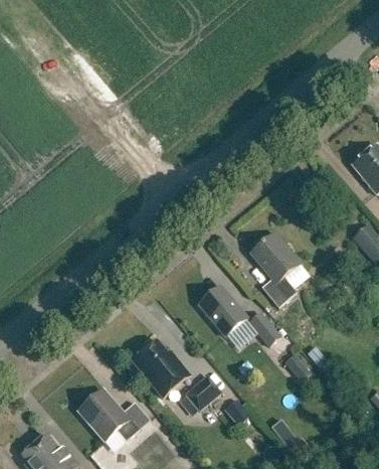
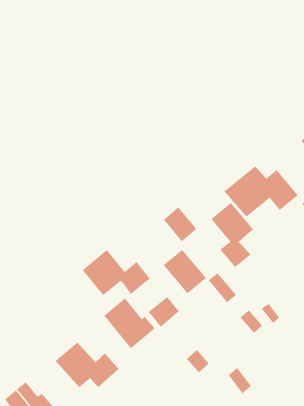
building: none -> [224,165,299,218]
building: none -> [163,206,197,242]
building: none -> [82,249,151,296]
building: [185,375,220,411] -> [148,296,179,328]

